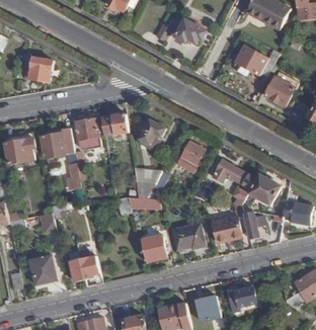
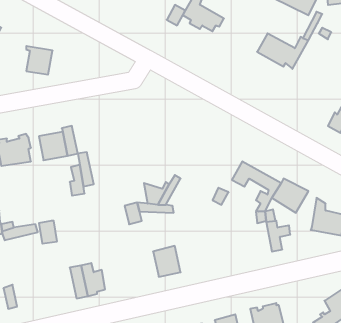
building: [264,78,294,106] -> none
building: [101,112,129,134] -> none
building: [75,117,99,147] -> none
building: [138,118,165,147] -> none
building: [177,142,204,173] -> none
building: [213,216,242,243] -> none
building: [172,223,205,248] -> none
building: [30,255,58,284] -> none

